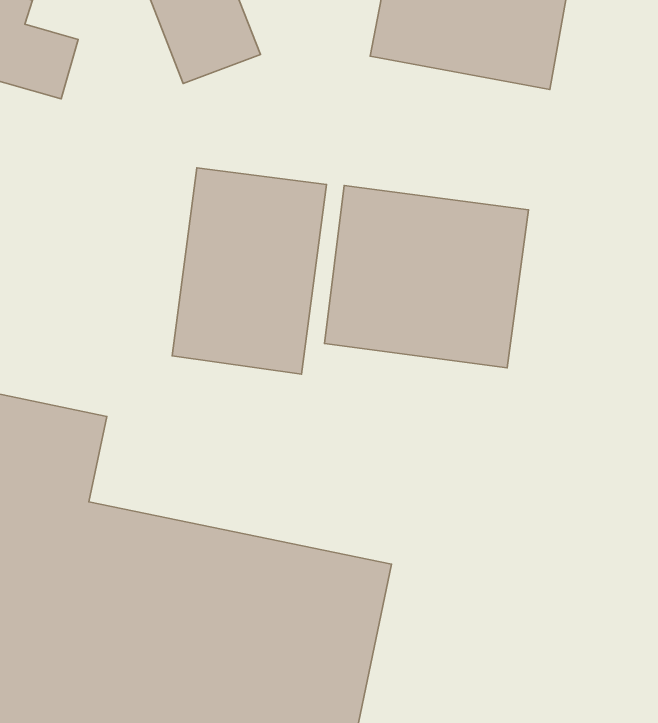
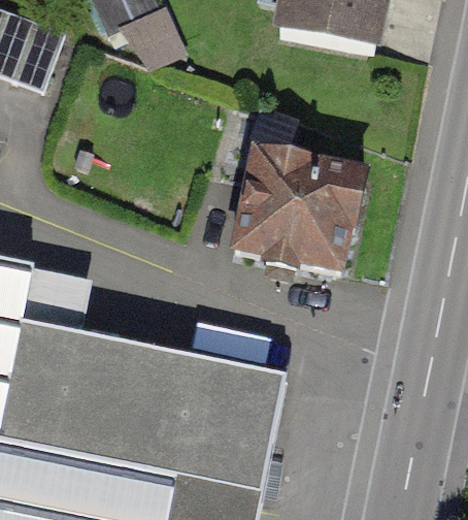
building: [172,168,326,374] -> none

